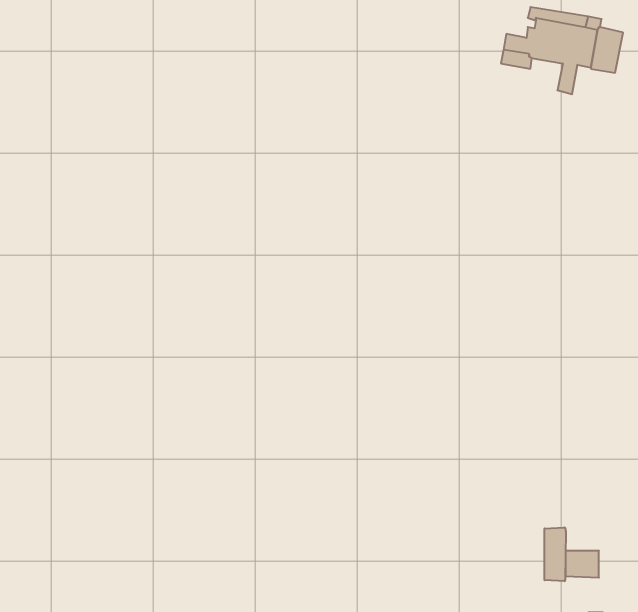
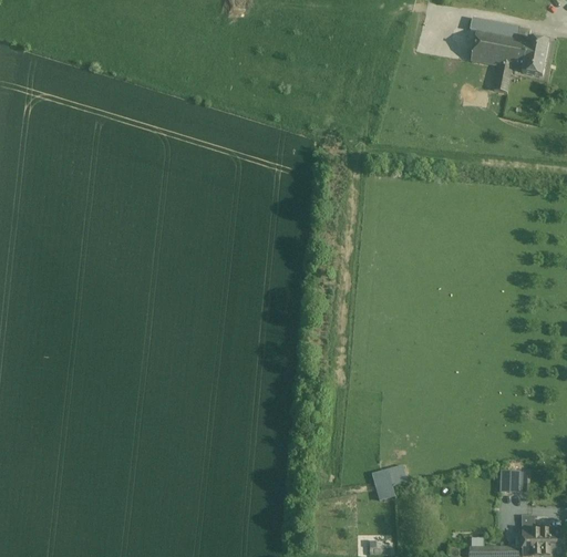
building: [545,527,566,581] -> none
building: none -> [372,462,409,498]

